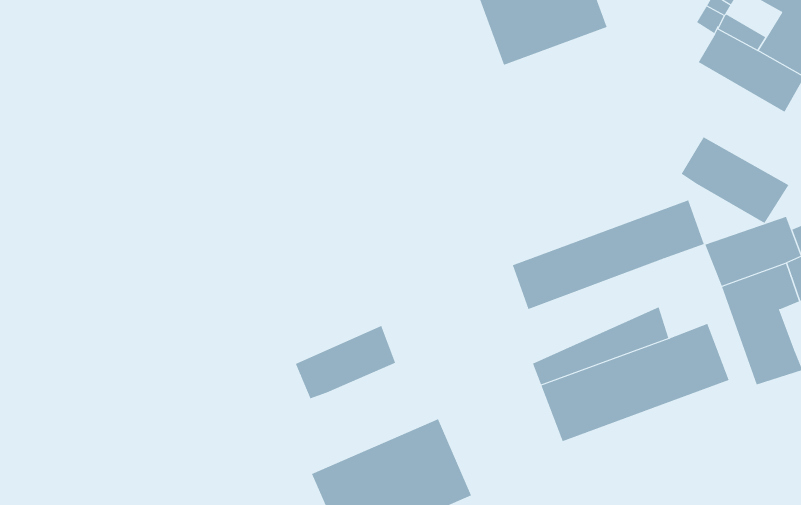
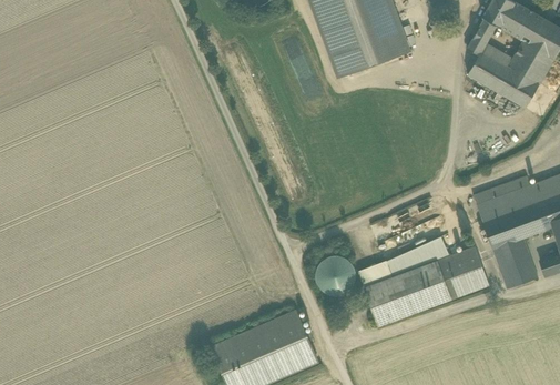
building: [681,137,789,224] -> none
building: [512,200,704,310] -> none
building: [295,325,396,399] -> none
building: none -> [316,255,355,294]

